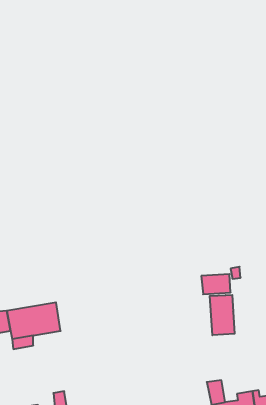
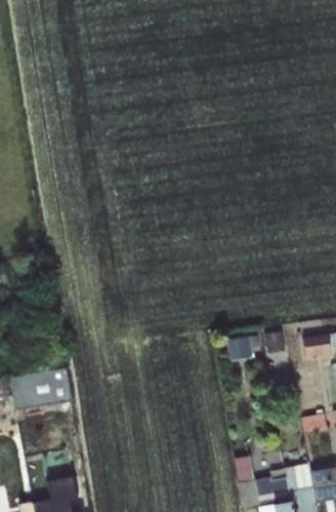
building: [210,295,235,335] -> none

